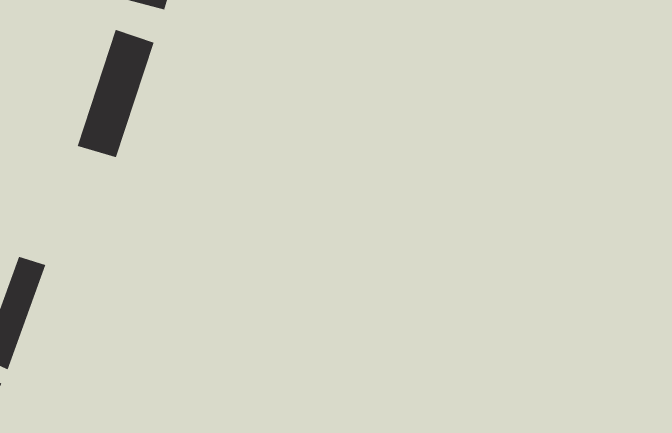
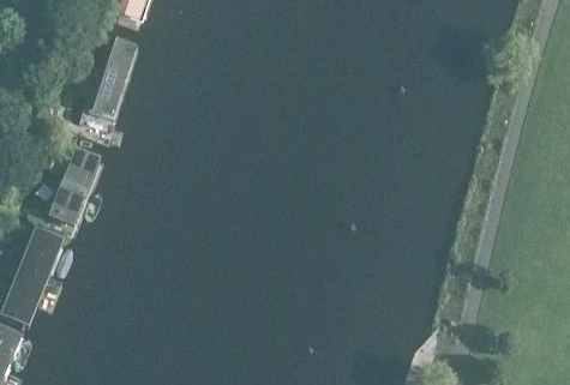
building: none -> [49,148,104,234]

